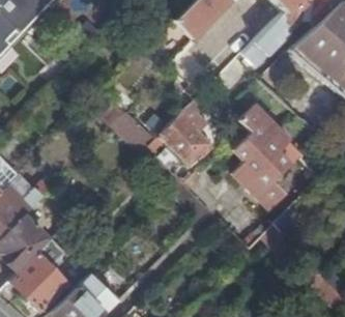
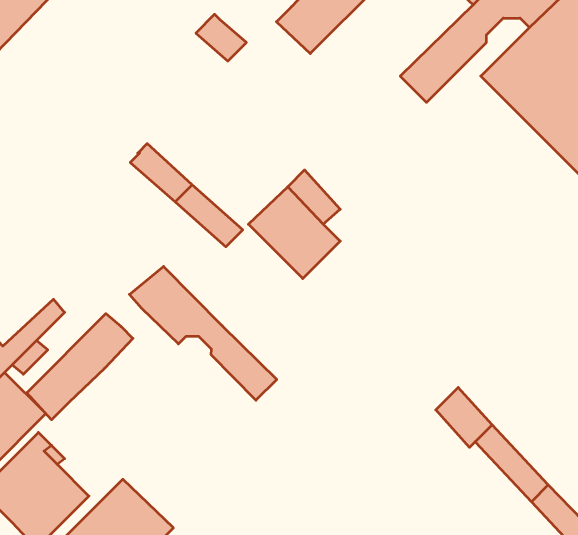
building: [231,100,288,205] -> none
building: none -> [129,266,277,400]
building: none -> [27,314,133,420]

